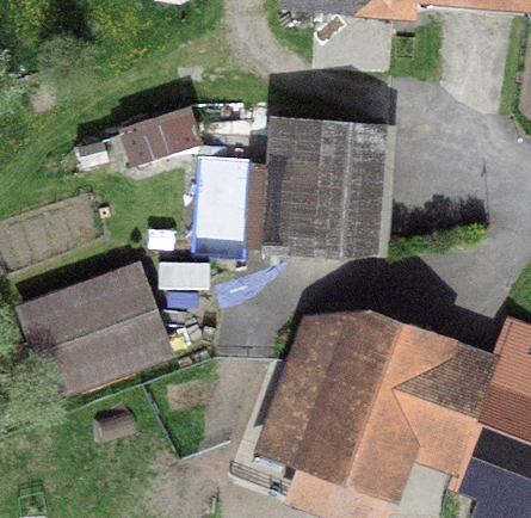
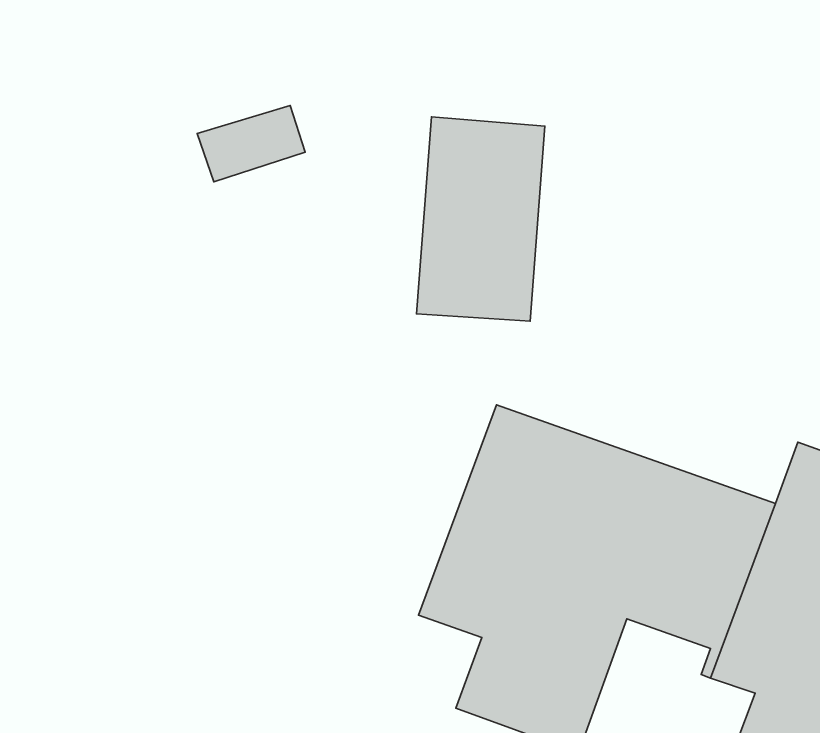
building: [193,155,254,260] -> none
building: [24,266,169,394] -> none

